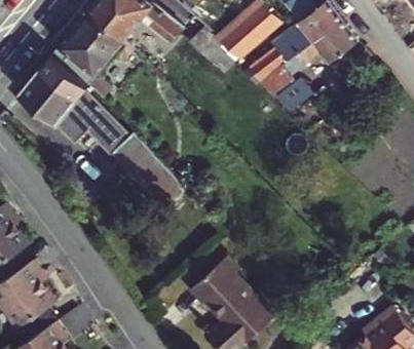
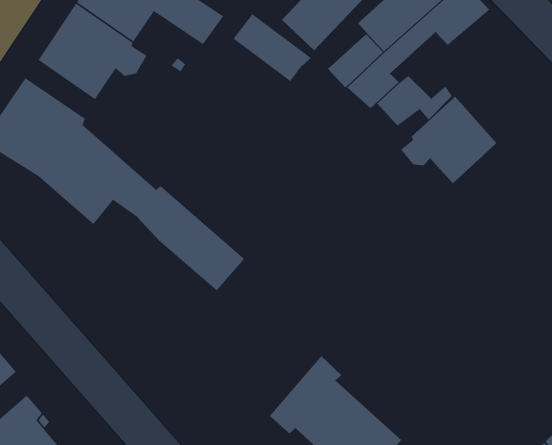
building: none -> [400,96,497,184]

